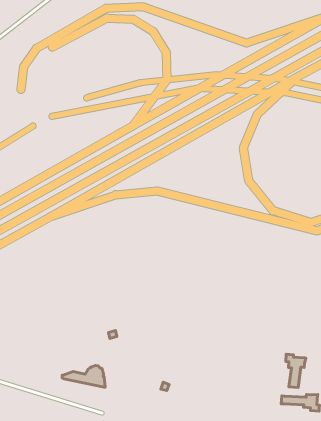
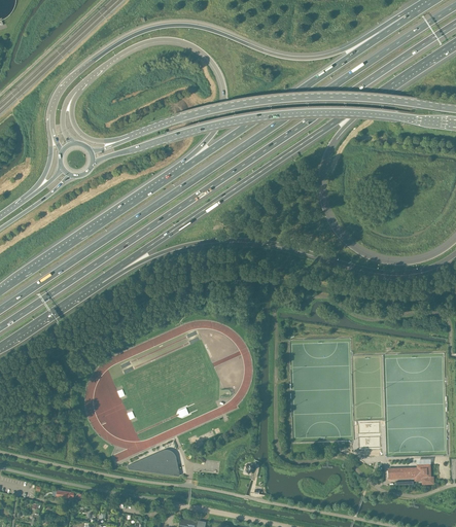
building: [286,354,306,387] -> none

